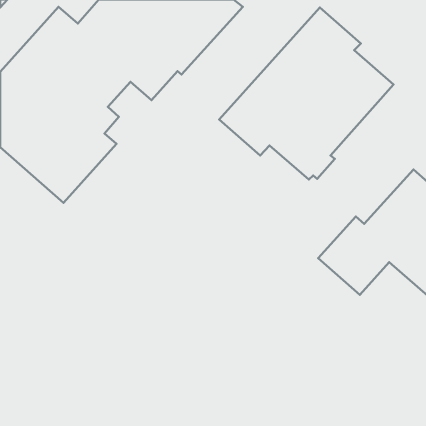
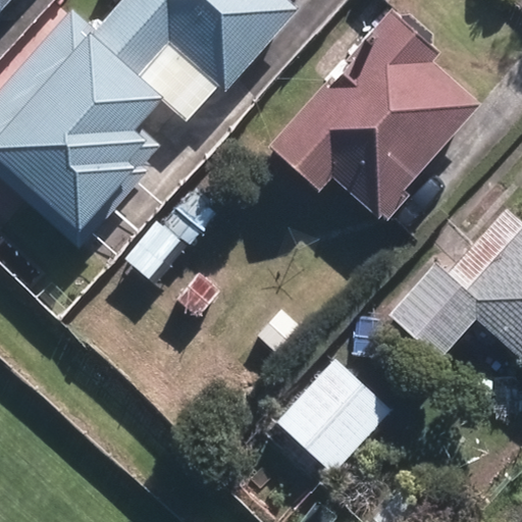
building: none -> [278,359,390,472]

